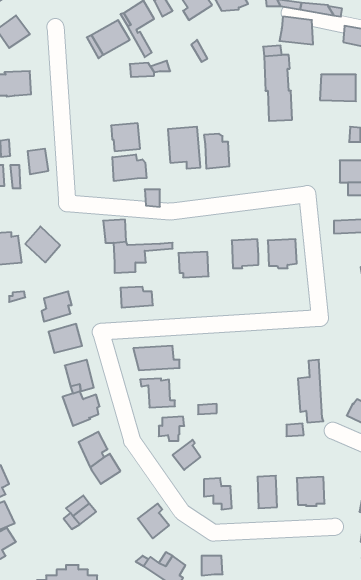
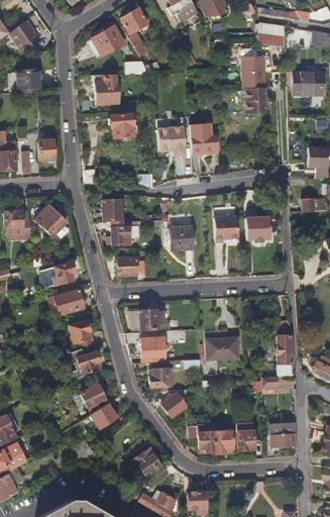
building: none -> [94,82,118,105]
building: [112,154,147,181] -> none
building: none -> [205,336,237,360]
building: none -> [212,429,231,452]

